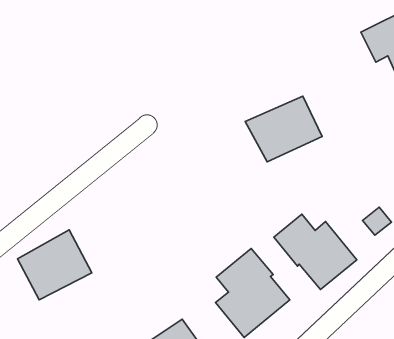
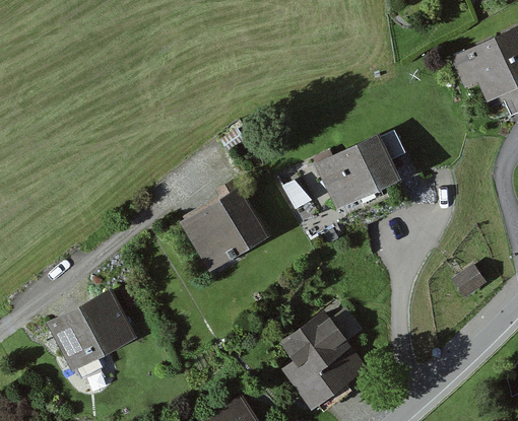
building: none -> [182,185,273,274]
building: [274,214,357,290] -> none

